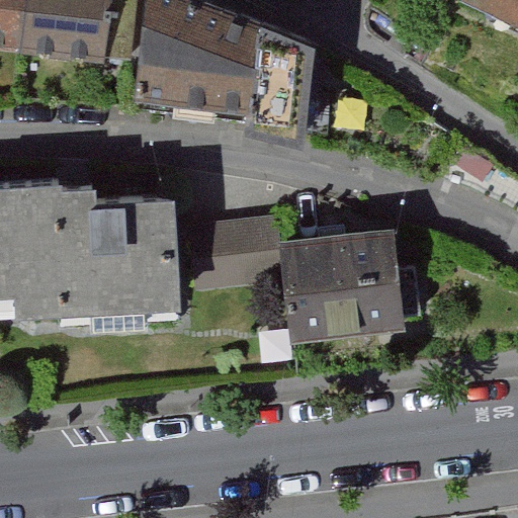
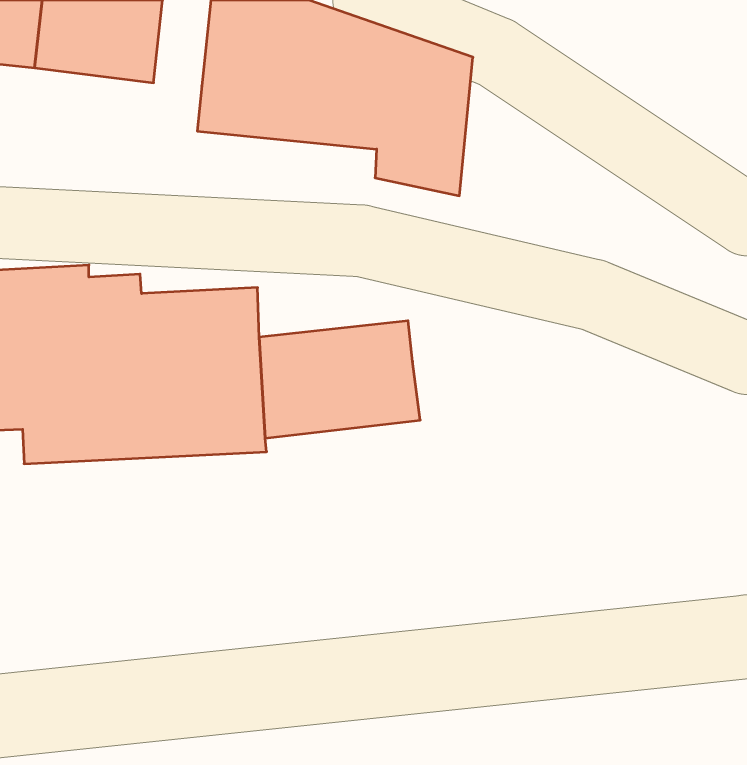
building: [277,231,404,338] -> none

